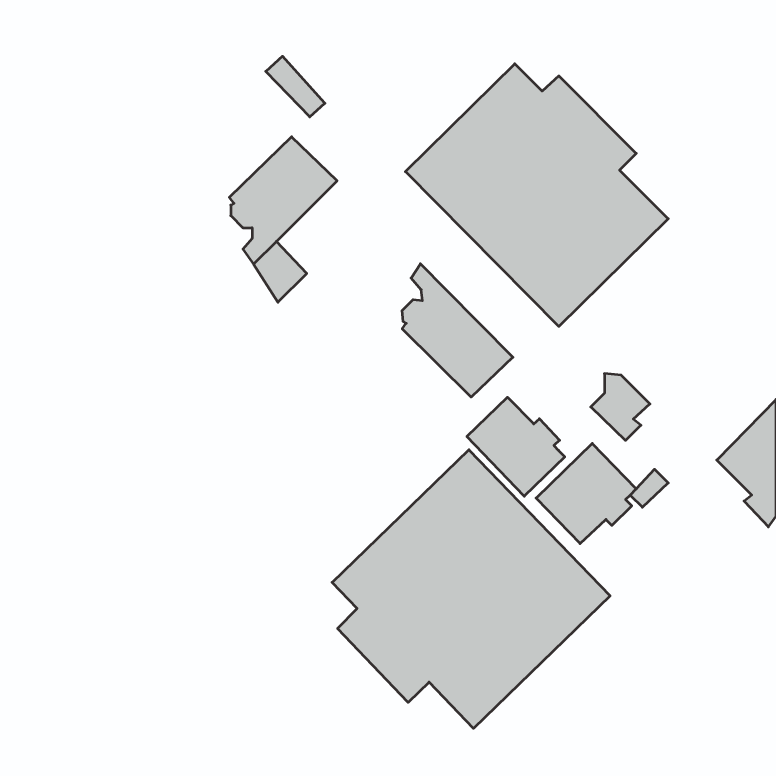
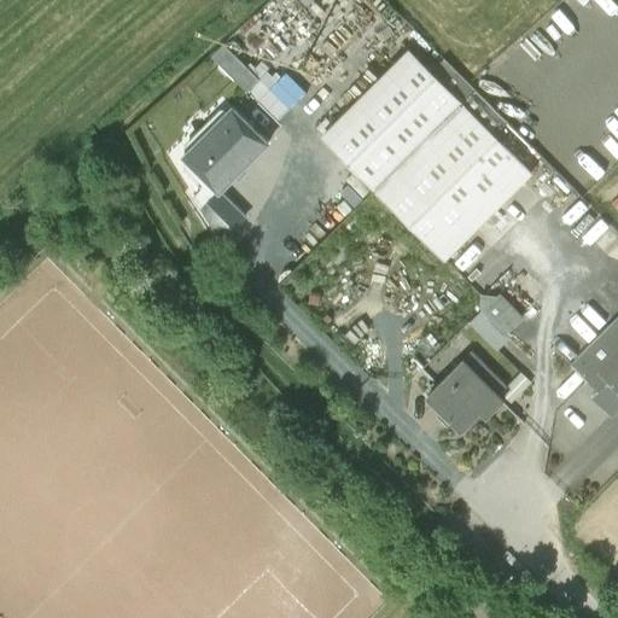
building: [402,264,513,397] -> none
building: [467,397,565,496] -> none
building: [332,450,610,728] -> none

